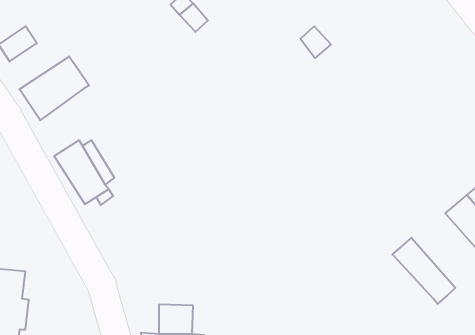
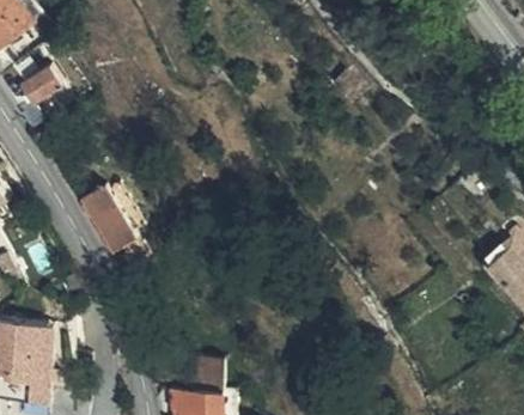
building: [19,56,89,120] -> none
building: [392,238,455,304] -> none

